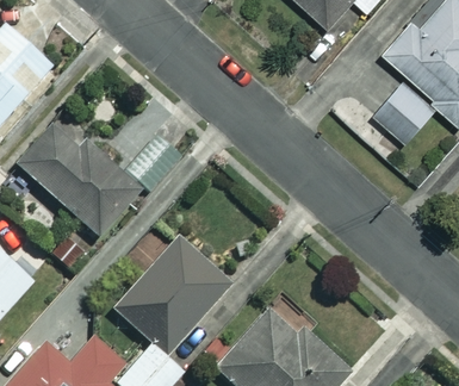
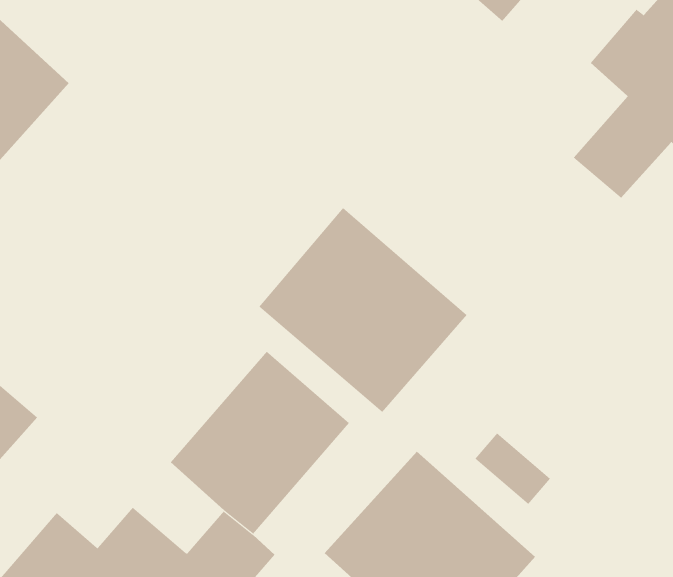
building: [19,117,184,235] -> none
building: none -> [258,207,468,413]

